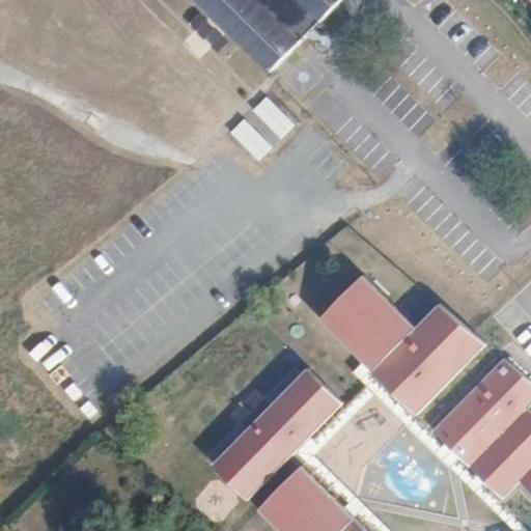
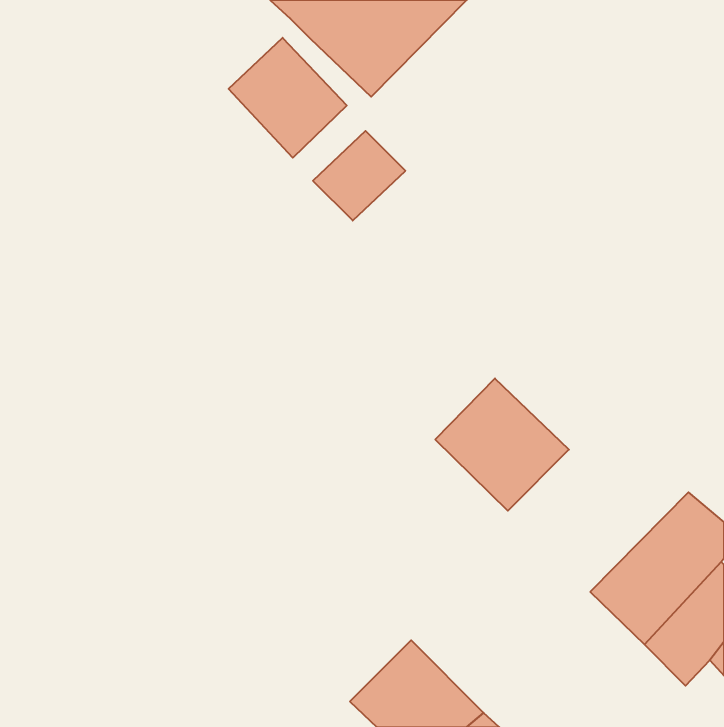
building: none -> [229,38,347,158]
building: [370,304,484,416] -> none
building: [208,368,341,501] -> none

